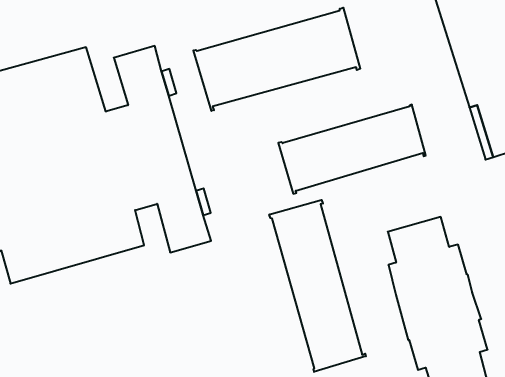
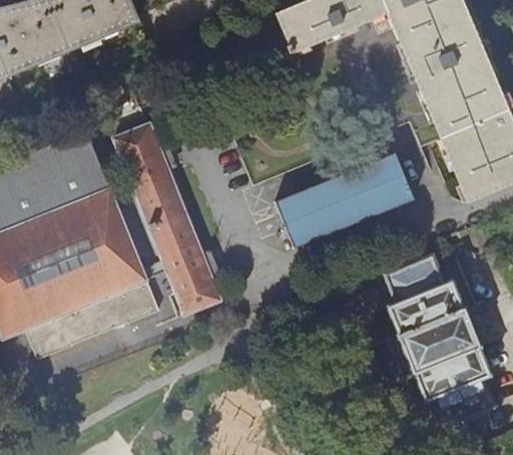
building: [193,8,360,111] -> none
building: [269,200,366,372] -> none

